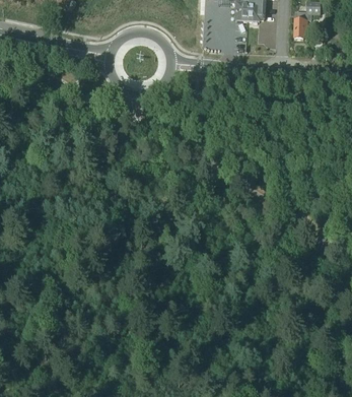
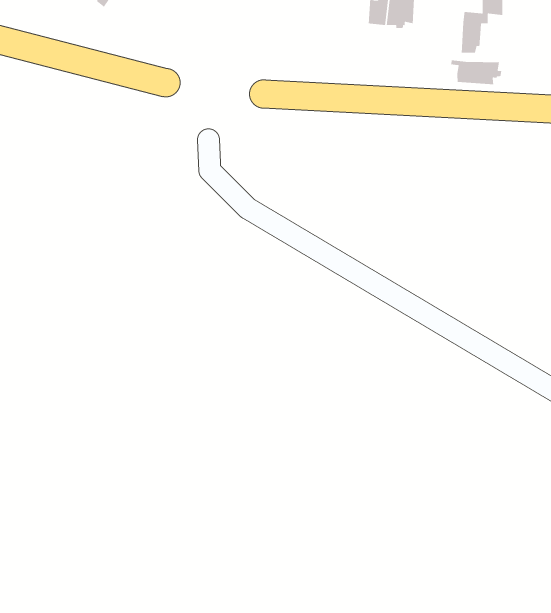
building: none -> [450,59,502,85]

